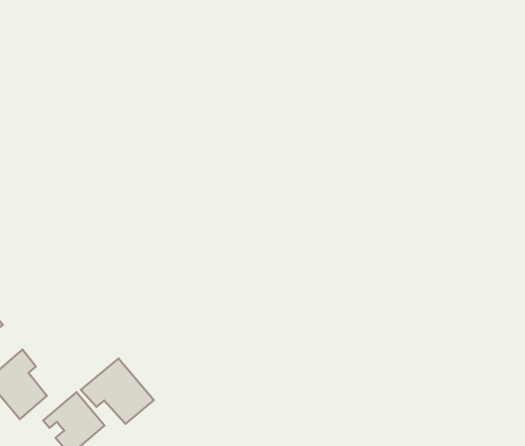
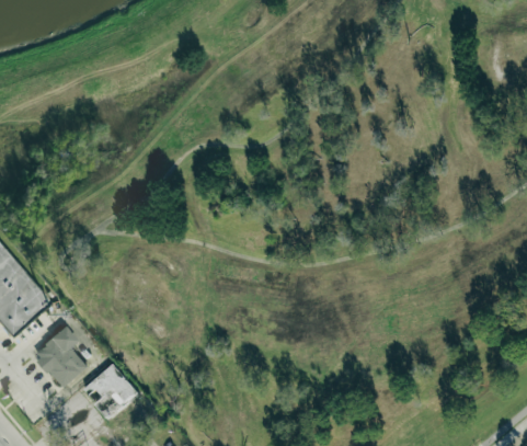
building: [81,359,154,424] -> none

